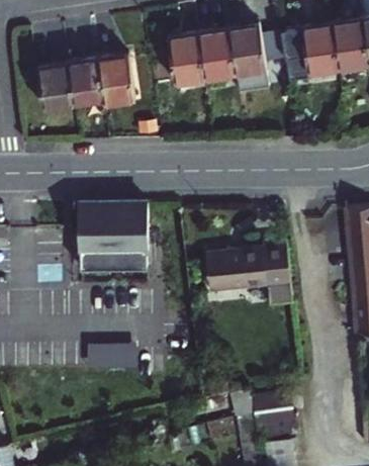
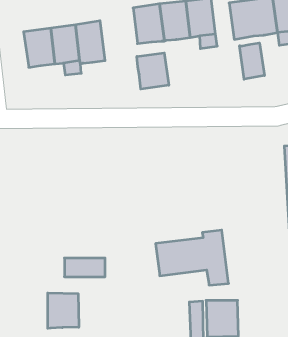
building: none -> [240,43,264,79]
building: none -> [137,53,169,89]
building: [71,200,153,264] -> none
building: [206,231,293,297] -> [156,230,229,285]
building: none -> [48,293,79,328]

